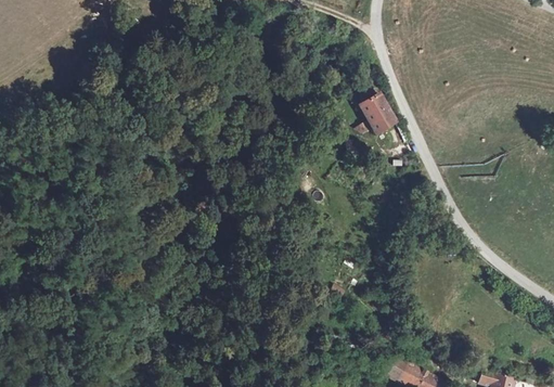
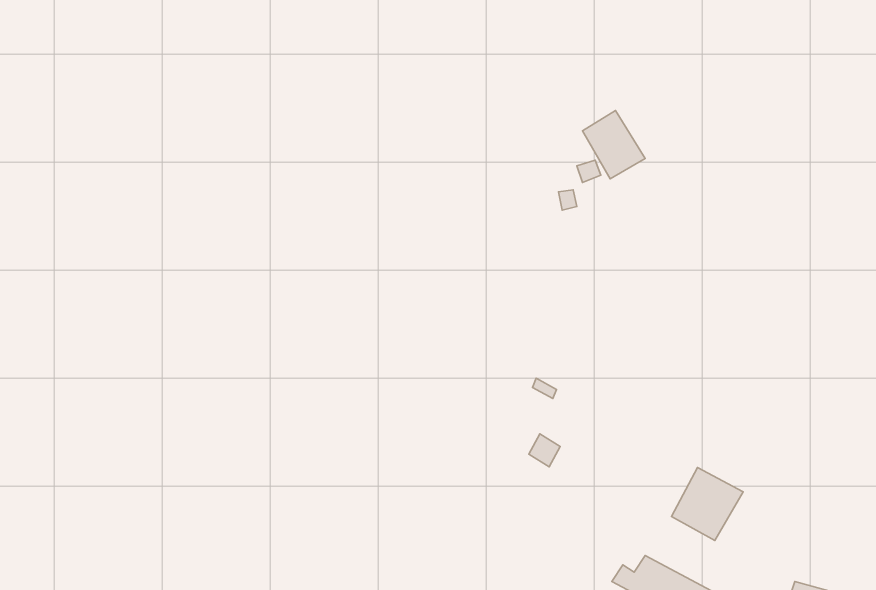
building: none -> [672,468,743,541]

